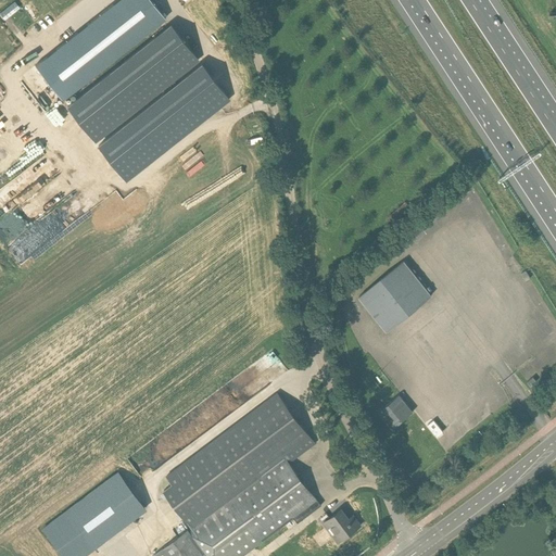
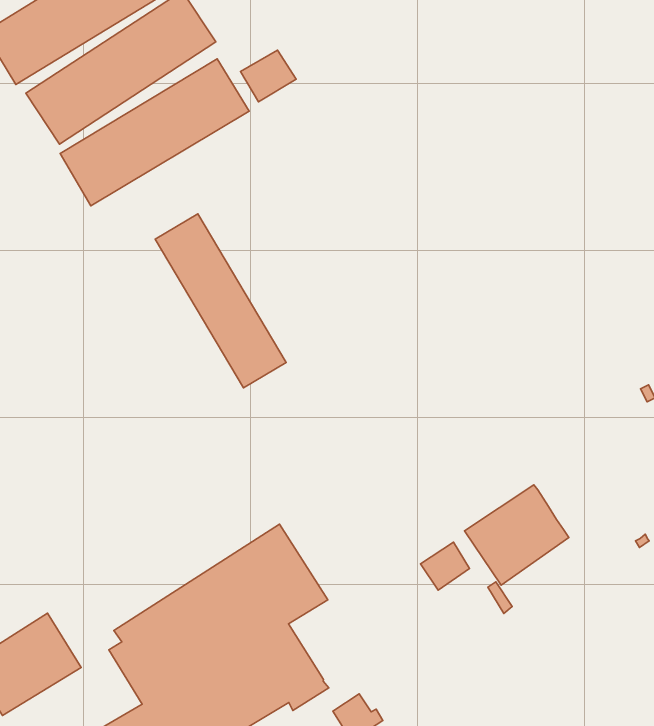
building: none -> [240,50,296,102]
building: none -> [155,214,286,388]
building: [357,264,431,337] -> [465,485,569,585]

